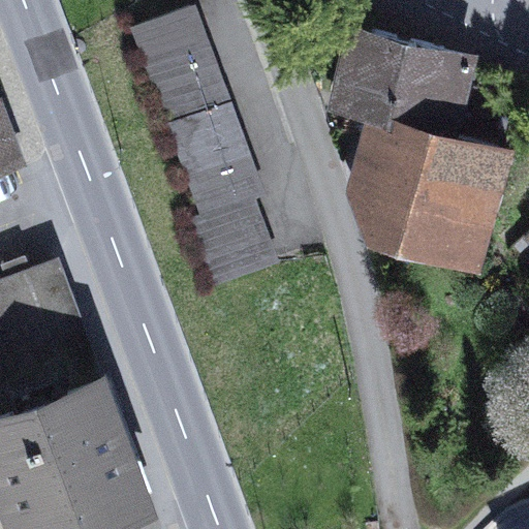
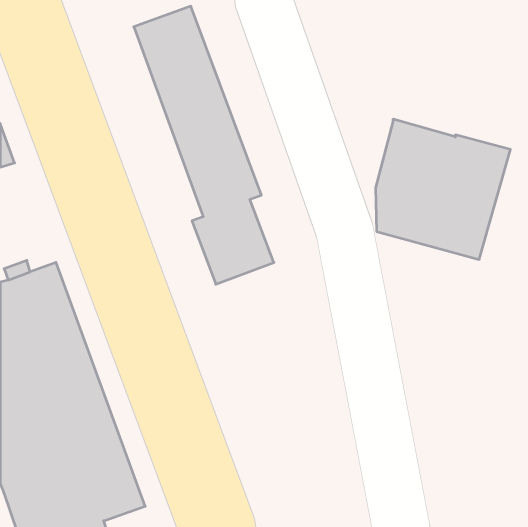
building: [335,28,478,139] -> none

